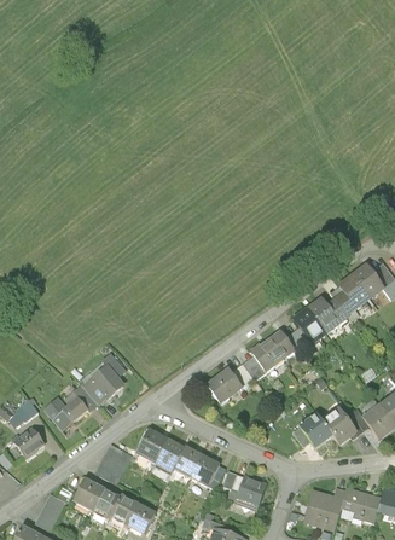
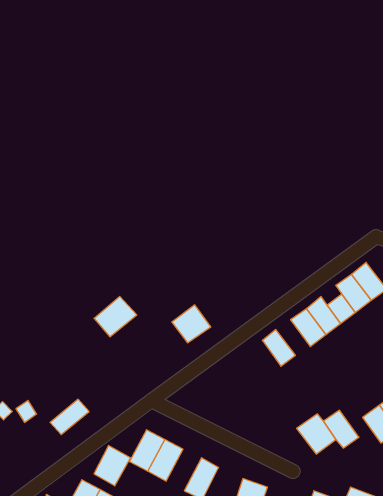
building: [248,338,280,374] -> none
building: [86,364,128,403] -> [94,297,137,337]
building: [204,367,243,405] -> [172,305,211,343]
building: [16,426,50,458] -> none
building: [167,446,202,487] -> none

